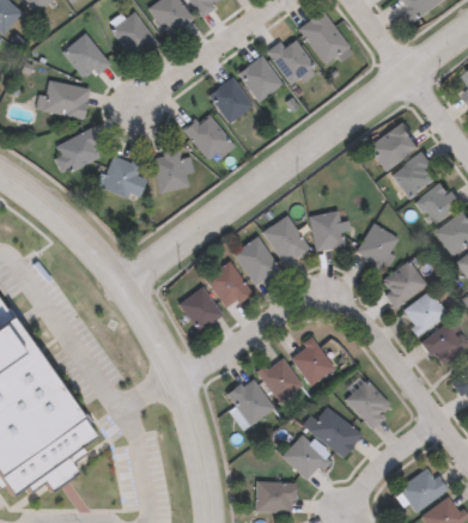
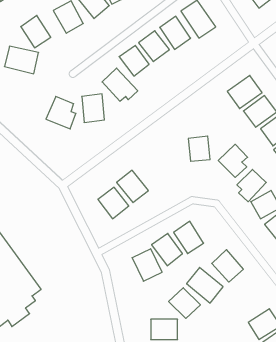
building: [53,129,102,174] -> none
building: [262,215,308,264] -> none
building: [232,237,279,286] -> none

